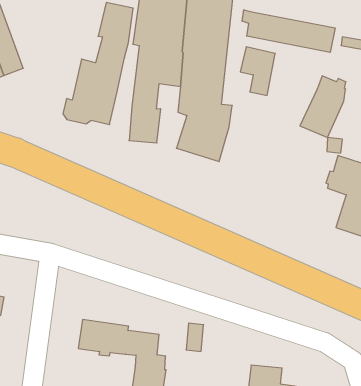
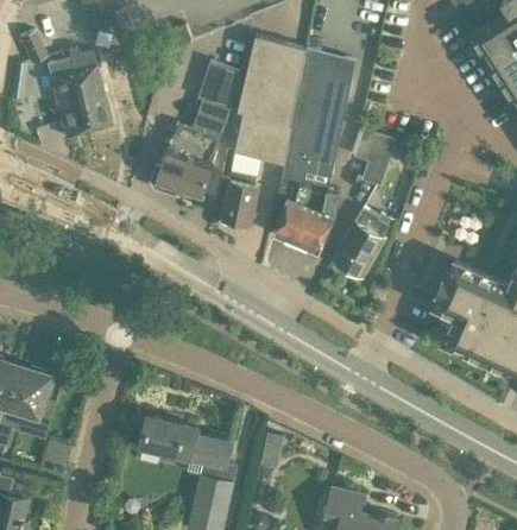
building: [242,10,335,52] -> none
building: [300,76,346,138] -> [333,208,390,278]

